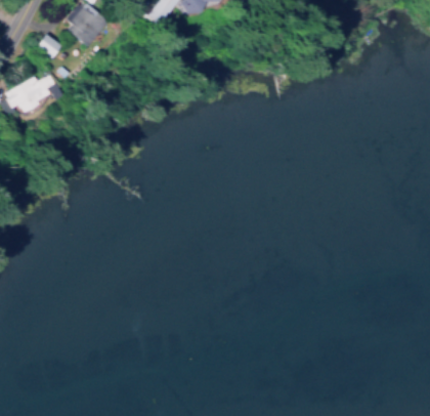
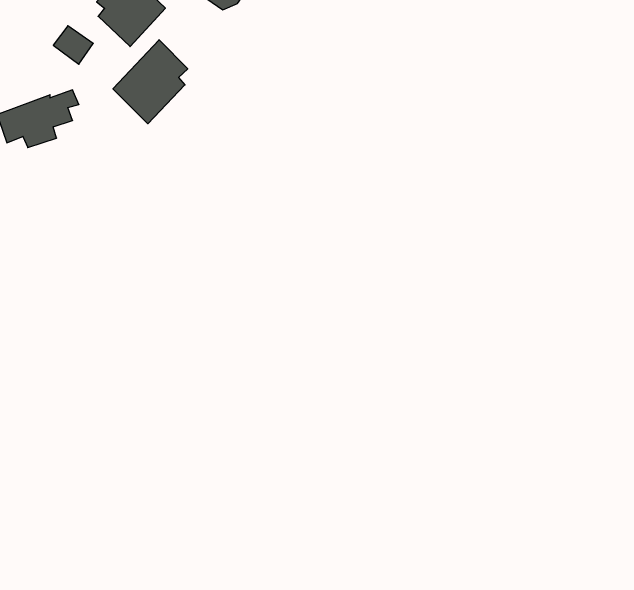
building: none -> [113,40,188,124]

